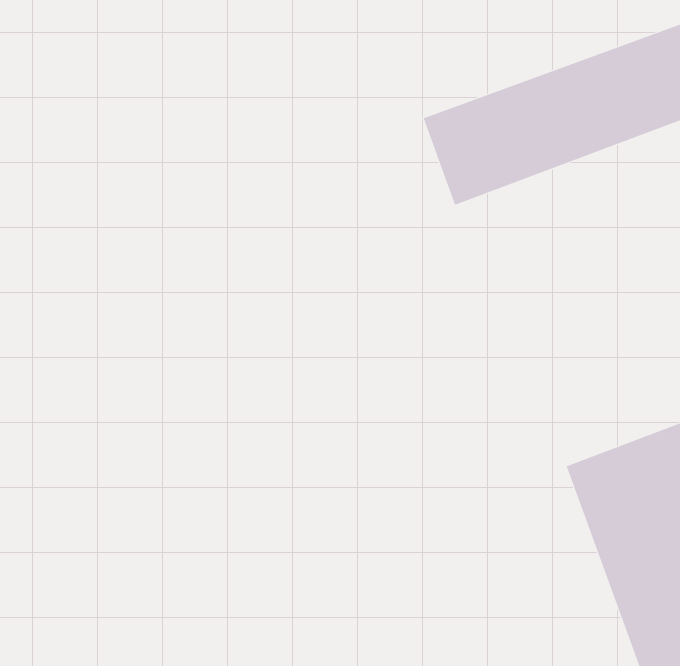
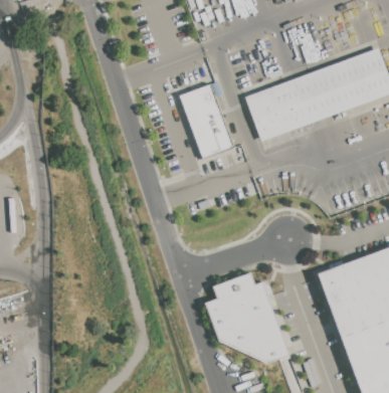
building: none -> [179,84,232,157]
building: none -> [204,272,286,363]

